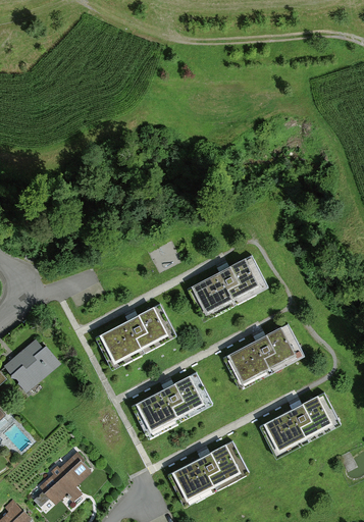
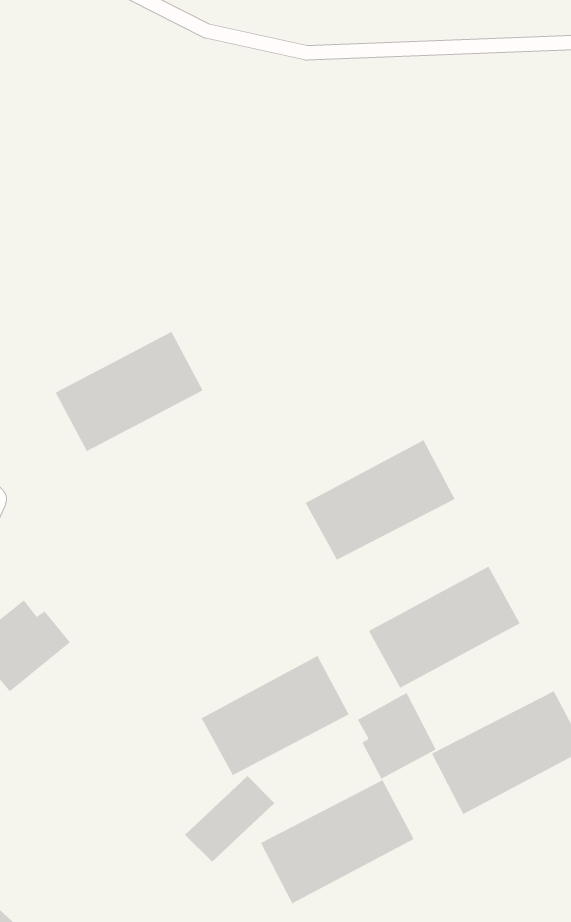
building: [98,302,179,368] -> [55,331,204,452]
building: none -> [357,692,437,779]
building: [41,455,91,503] -> [184,775,275,863]

